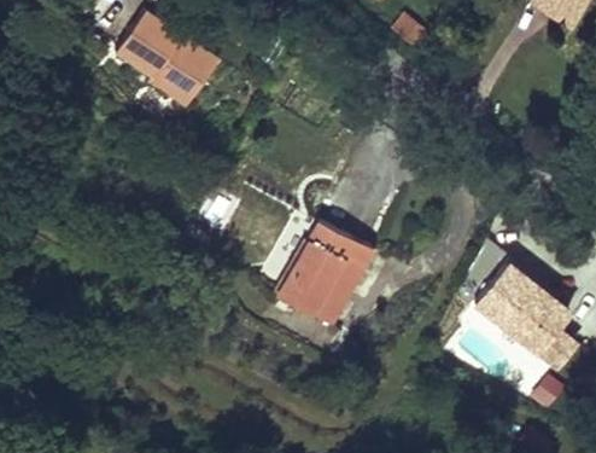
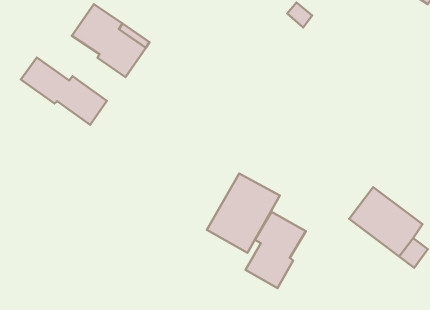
building: none -> [21,57,107,125]
building: none -> [245,212,306,288]

